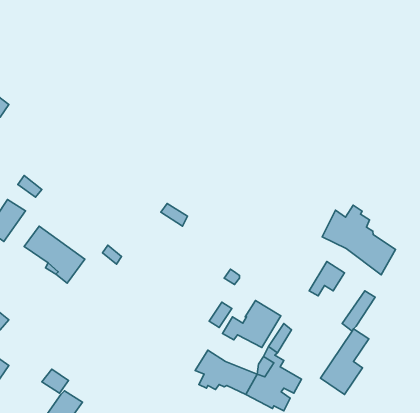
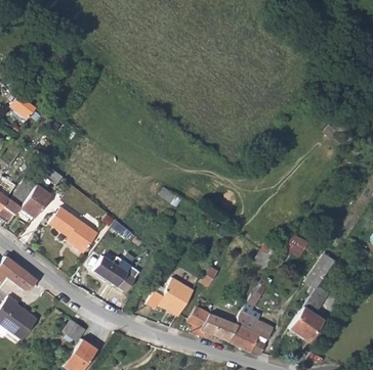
building: [322,205,395,275] -> none
building: none -> [93,256,140,291]
building: [222,300,281,347] -> [148,278,195,316]

